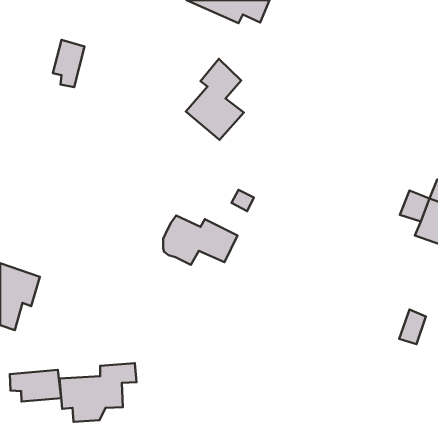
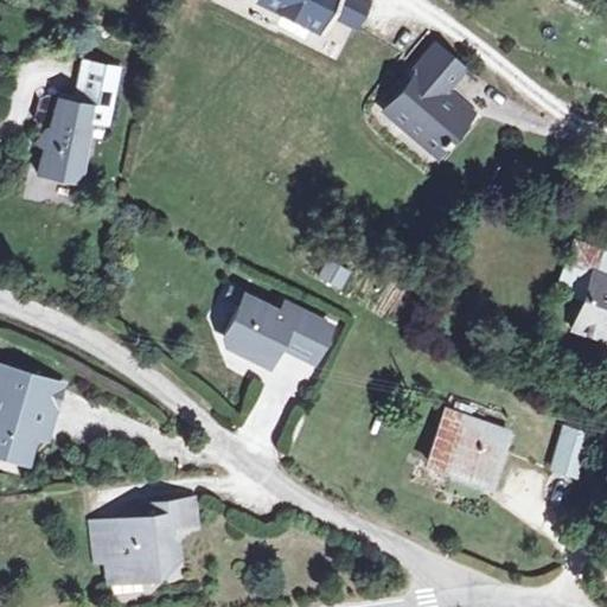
building: [186,59,244,140] -> [391,41,471,153]
building: none -> [34,98,89,184]
building: none -> [430,410,510,483]
building: [10,370,61,402] -> none

